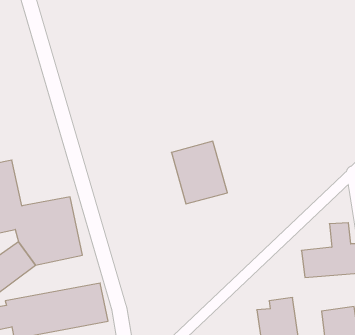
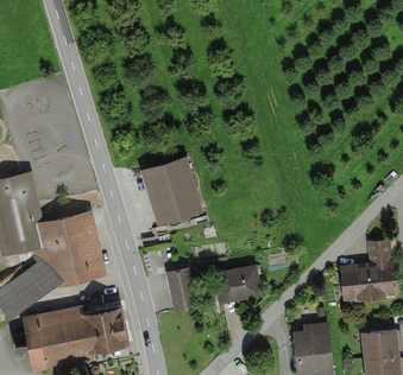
building: [171,141,227,204] -> [140,157,200,223]
building: none -> [216,267,264,305]
building: none -> [168,269,200,311]

